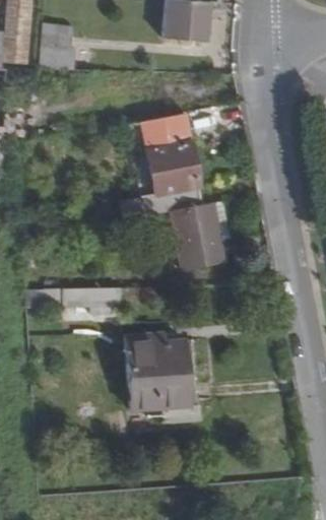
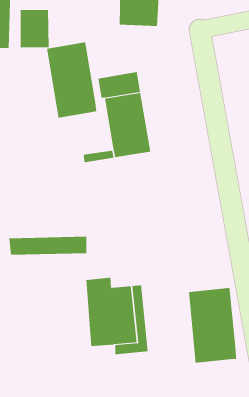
building: none -> [47,42,97,119]
building: [161,191,229,274] -> none
building: none -> [188,287,237,364]

